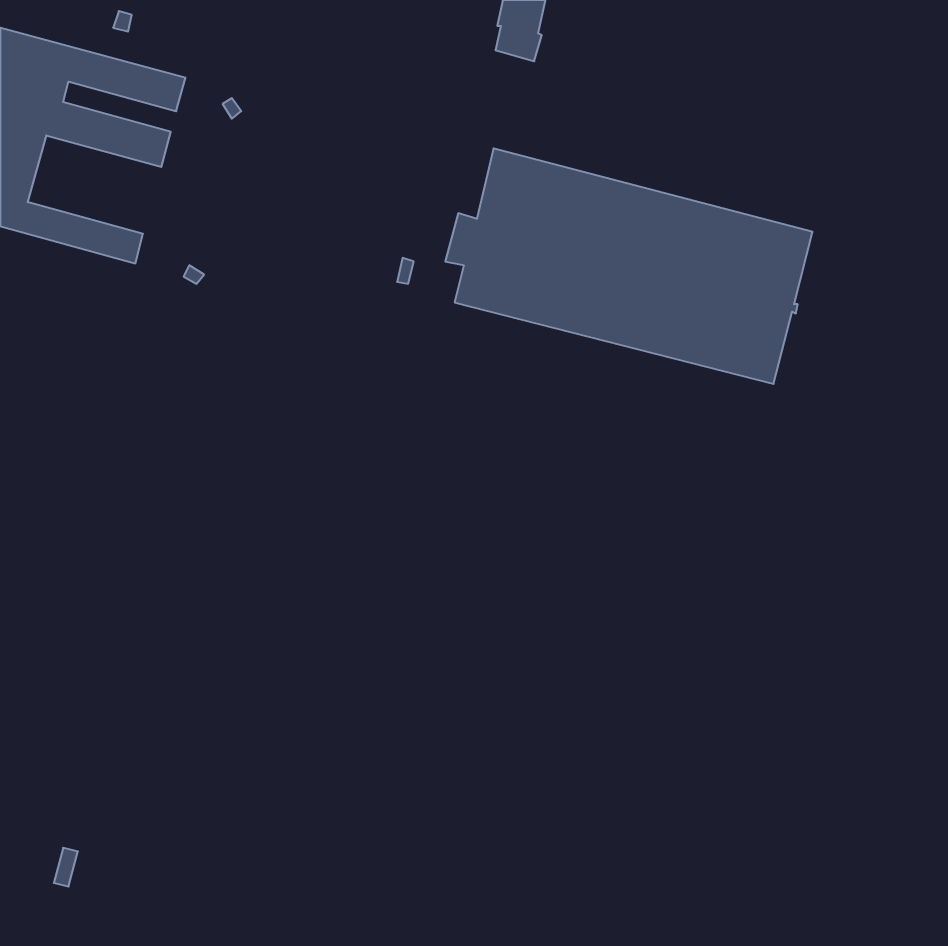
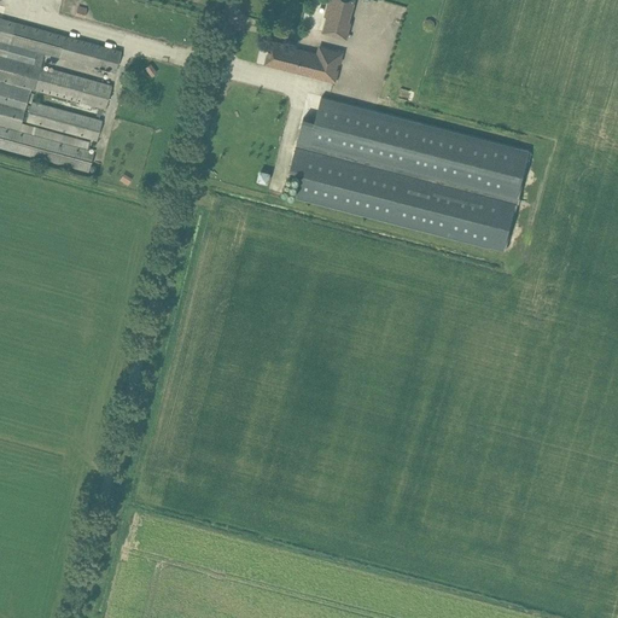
building: none -> [266,42,343,83]
building: none -> [27,103,101,141]

